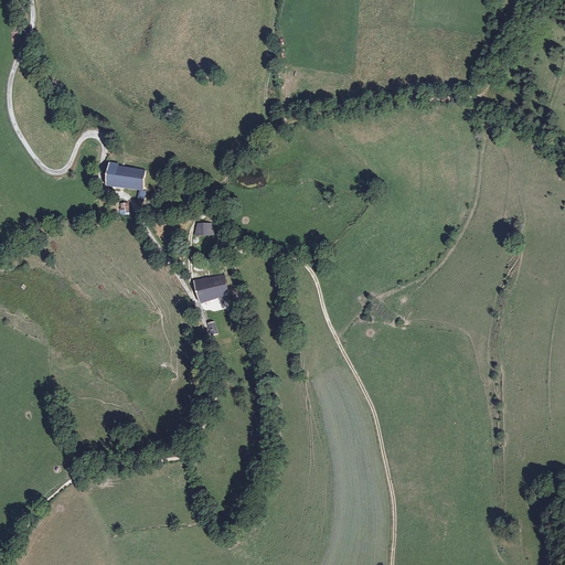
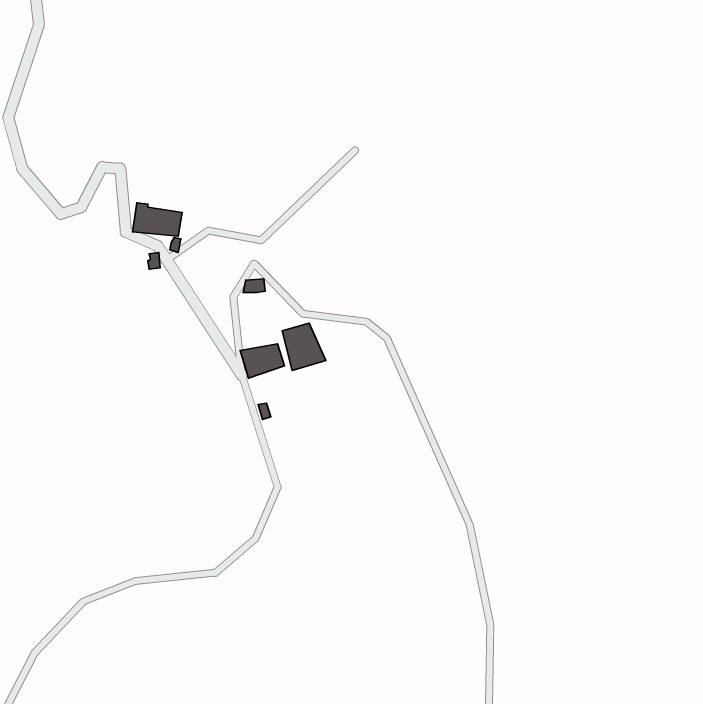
building: none -> [282,323,326,371]

